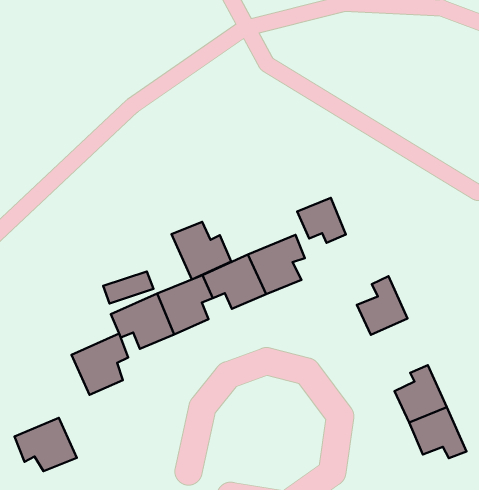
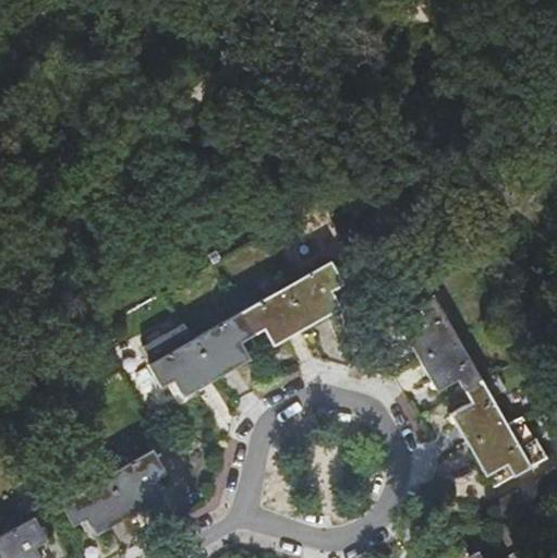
building: [297,198,346,243] -> none
building: [172,222,231,279] -> none
building: none -> [420,336,482,391]
building: [71,333,128,395] -> [107,448,166,514]

